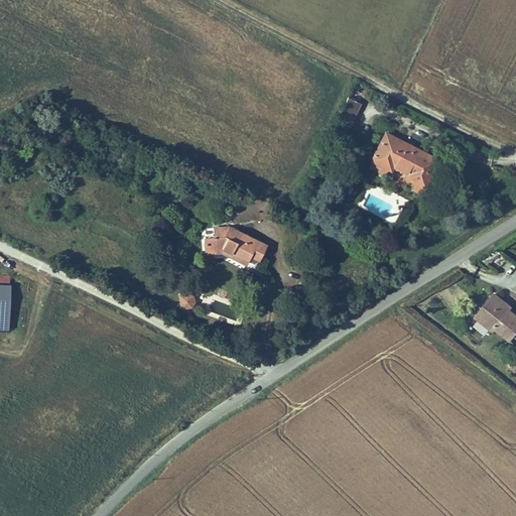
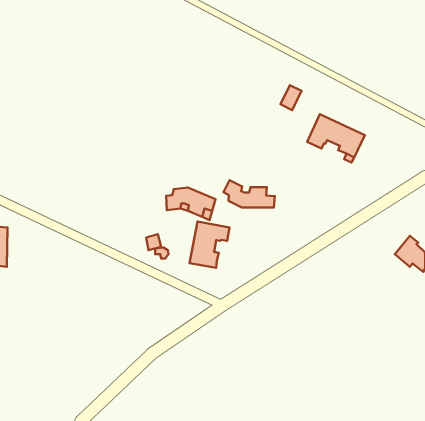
building: none -> [223,180,275,208]
building: none -> [190,221,229,268]

